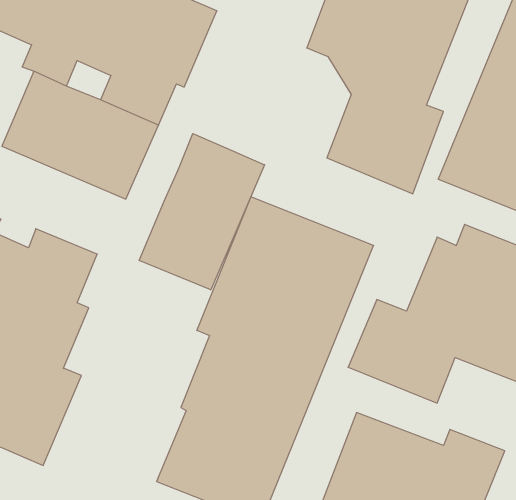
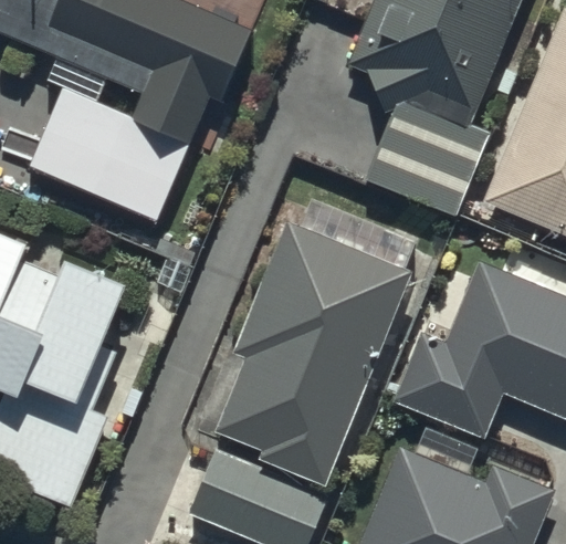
building: [139,134,265,290] -> none

